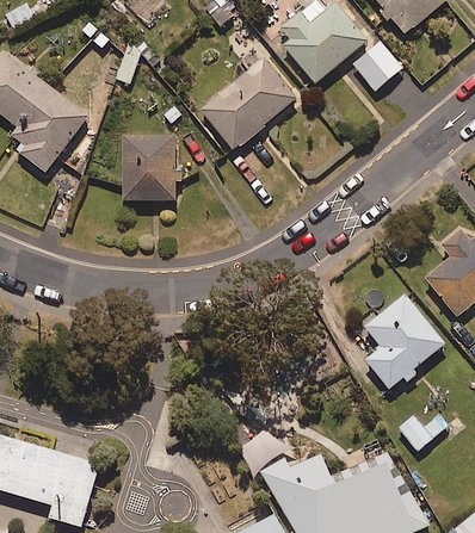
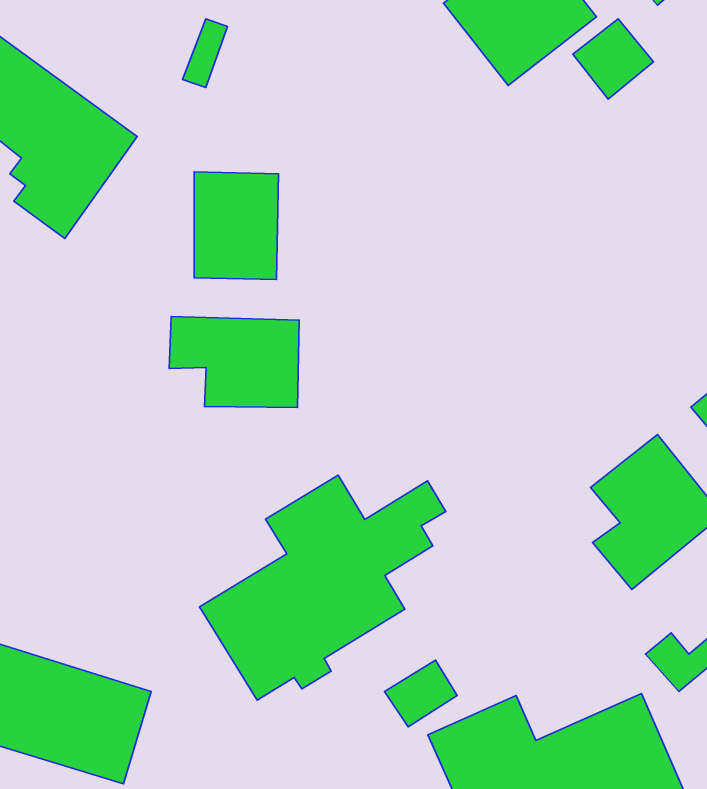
building: [201,57,296,149] -> none
building: none -> [169,316,299,408]
building: none -> [200,475,446,700]

